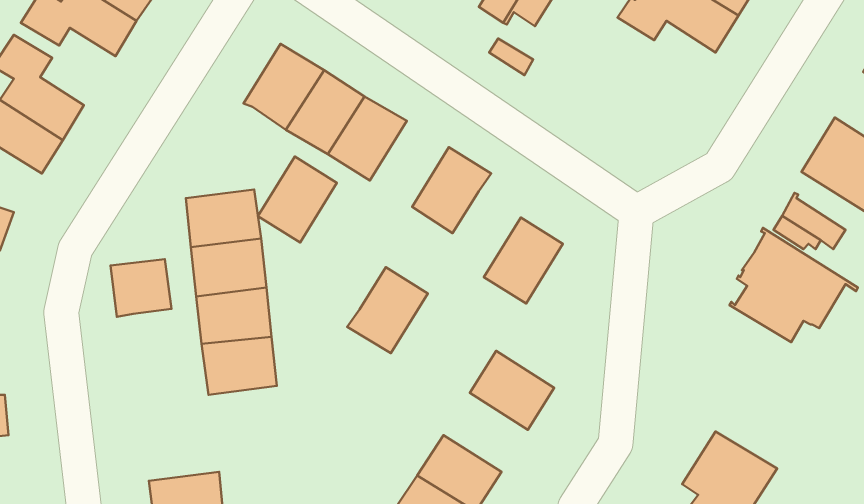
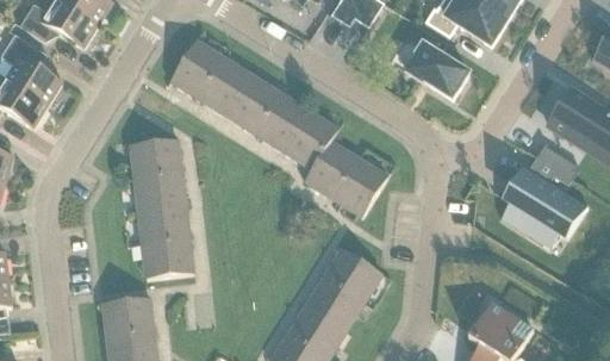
building: none -> [405,46,467,101]
building: [258,157,337,243] -> [256,92,310,150]
building: [110,259,172,317] -> none
building: [347,267,428,353] -> [304,139,359,198]
building: none -> [306,276,363,330]
building: none -> [102,297,154,336]

